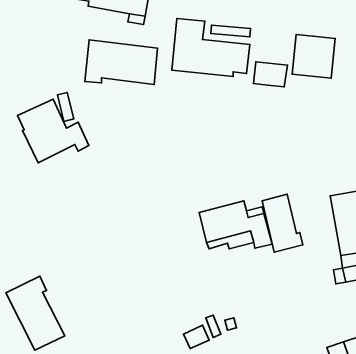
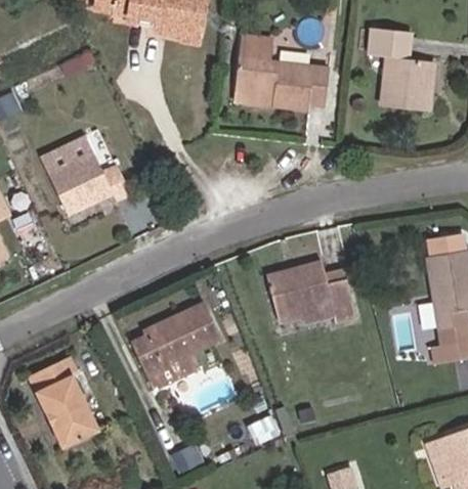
building: [85,40,158,85] -> none
building: [253,62,287,87] -> [369,28,411,58]
building: [262,194,303,252] -> none
building: none -> [132,303,221,388]

